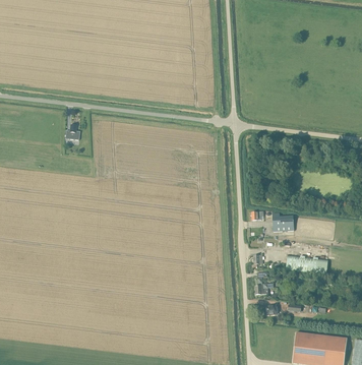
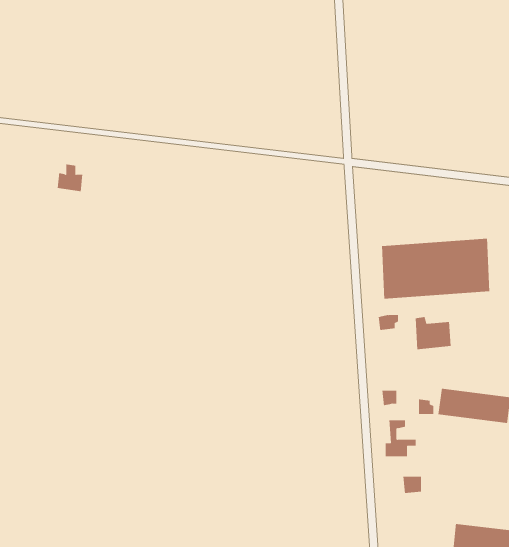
building: none -> [381,238,490,299]

